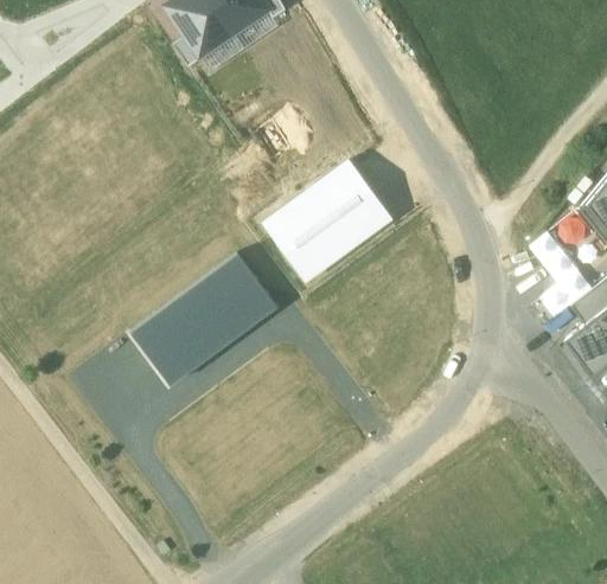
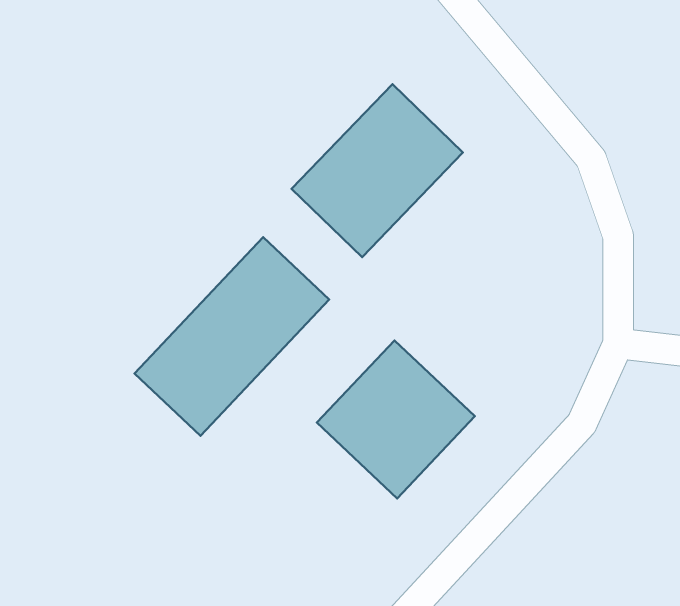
building: none -> [317,341,475,498]

